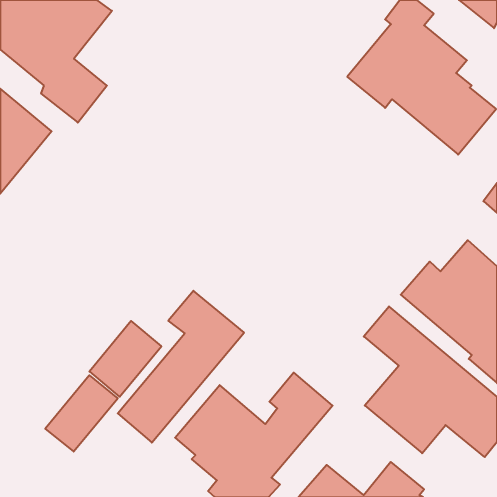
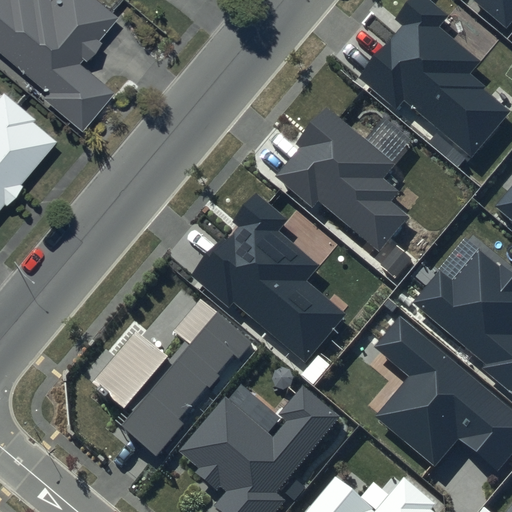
building: none -> [274,109,408,253]
building: none -> [184,192,344,362]
building: [45,375,118,452] -> none

